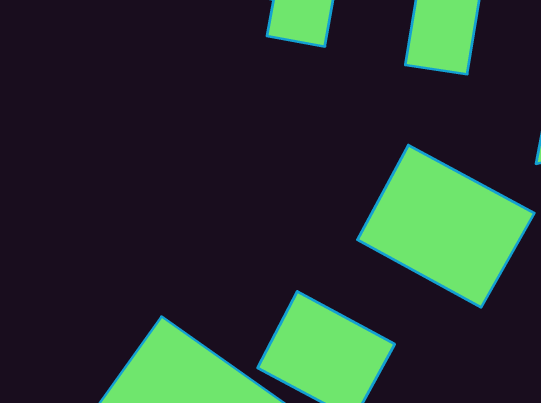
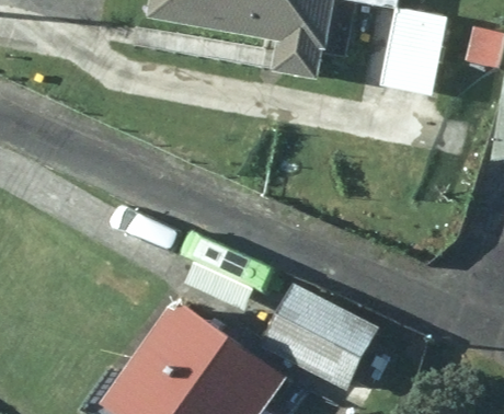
building: [357,145,534,307] -> none

